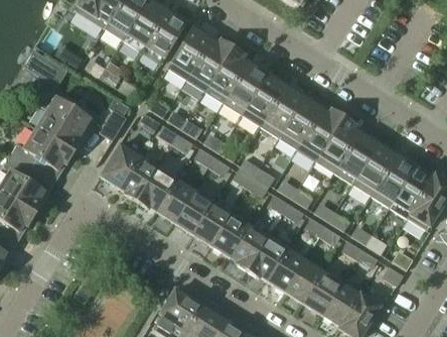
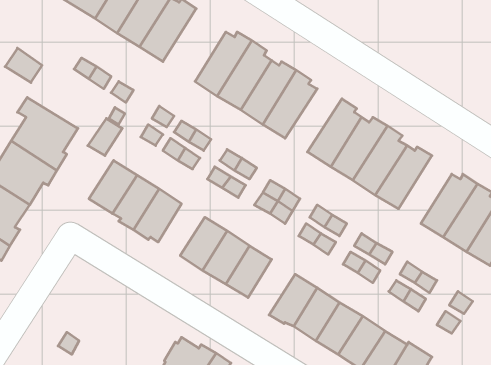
building: [167,24,211,80] -> none
building: [260,86,306,137] -> none
building: [352,140,396,196] -> none
building: [156,180,194,222] -> none
building: [230,225,268,270] -> none

